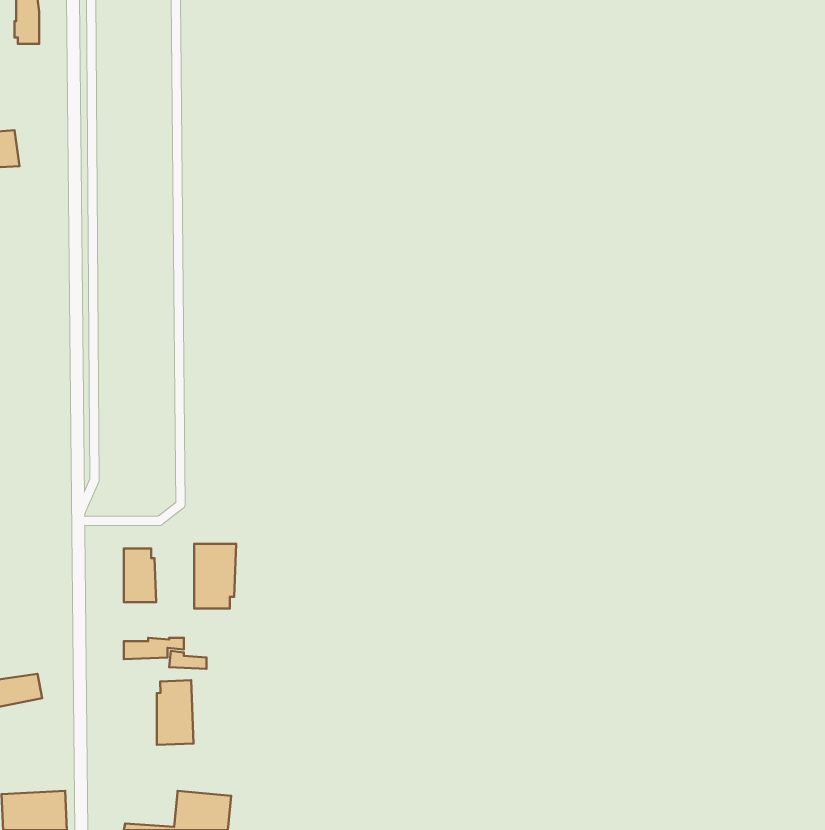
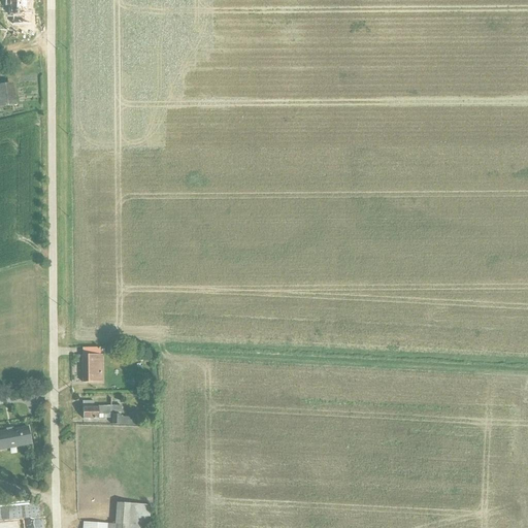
building: [194,544,236,609] -> none
building: [157,680,194,745] -> none

